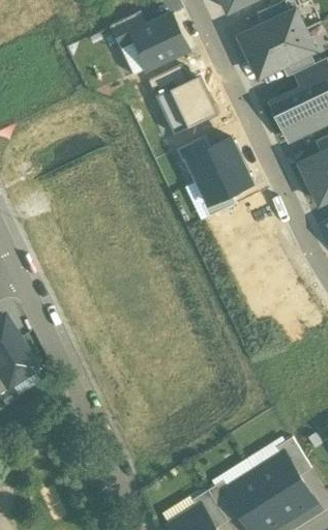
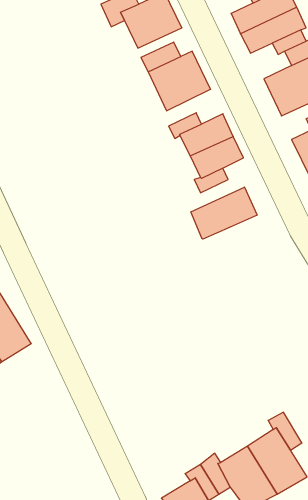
building: none -> [191,187,257,239]

